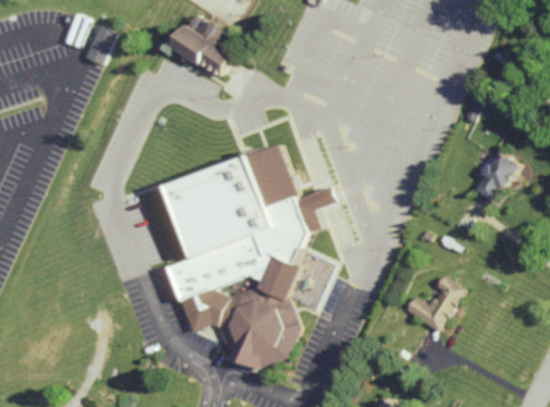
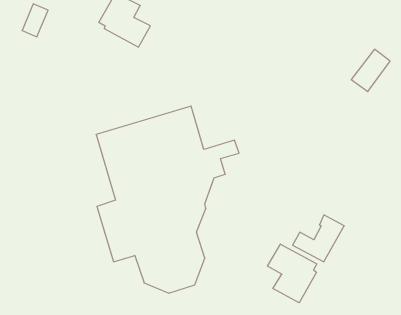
building: [469,151,515,201] -> [351,49,390,92]
building: none -> [267,244,317,303]

